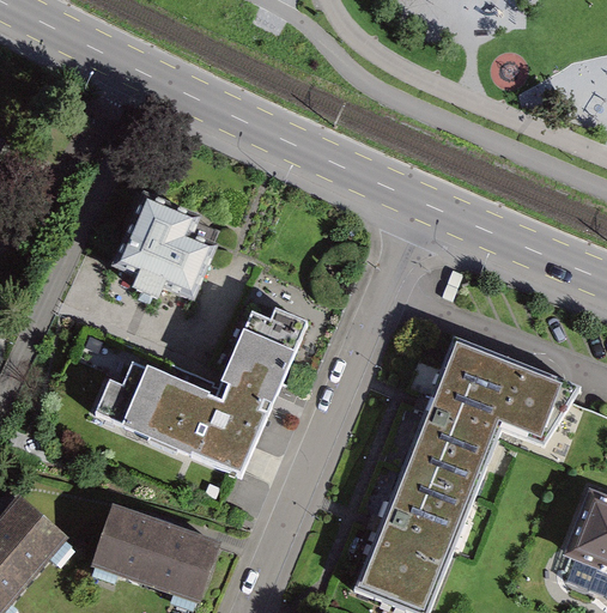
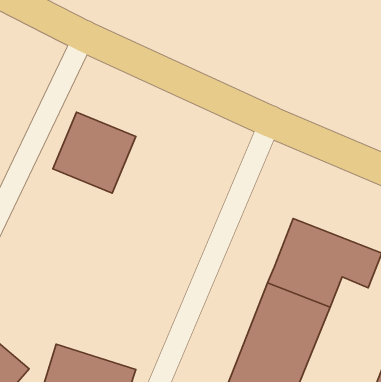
building: [93,314,306,478] -> none

